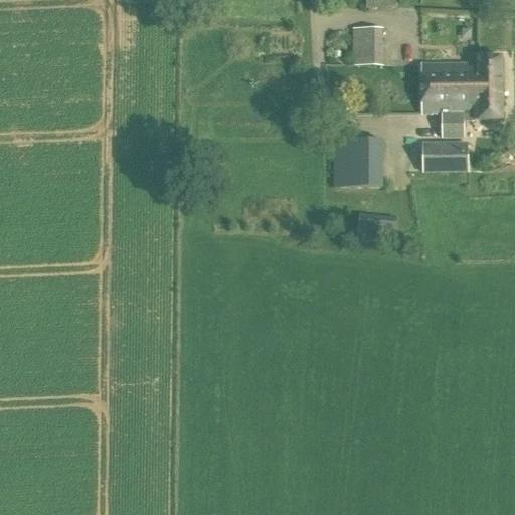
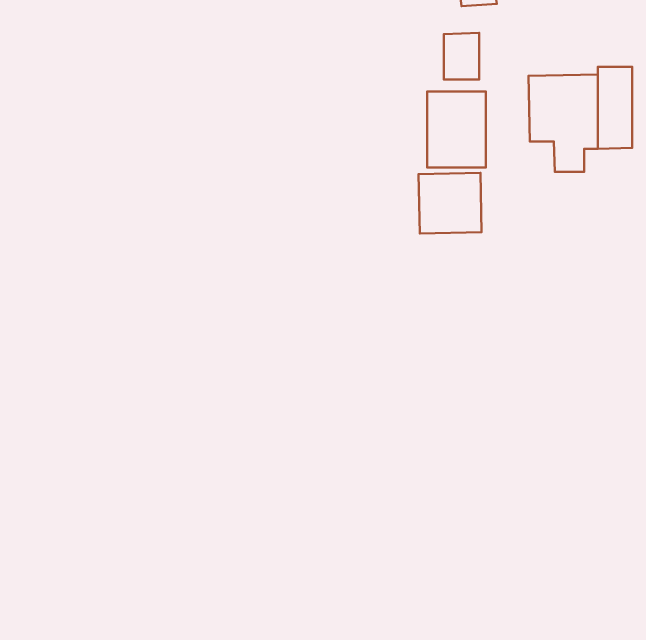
building: none -> [427,92,486,167]
building: [422,140,468,171] -> none

